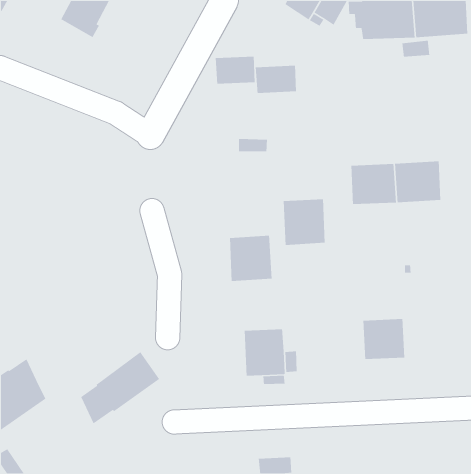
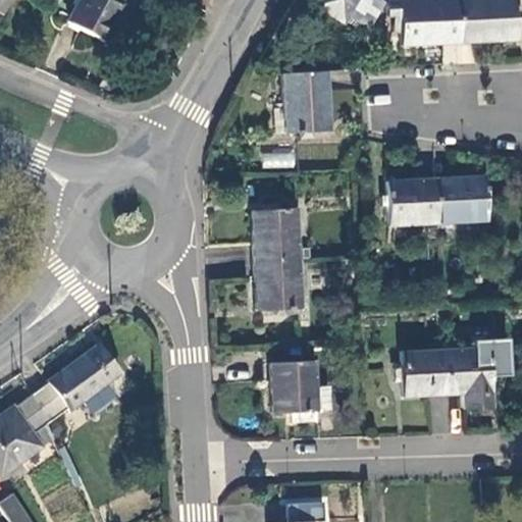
building: [215,56,256,85] -> [285,101,330,133]
building: [283,199,326,246] -> [253,209,300,261]
building: none -> [447,338,511,408]
building: [80,351,160,425] -> [33,344,120,424]

